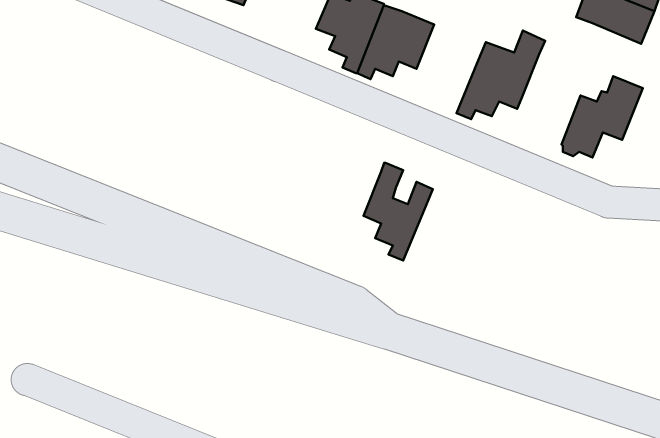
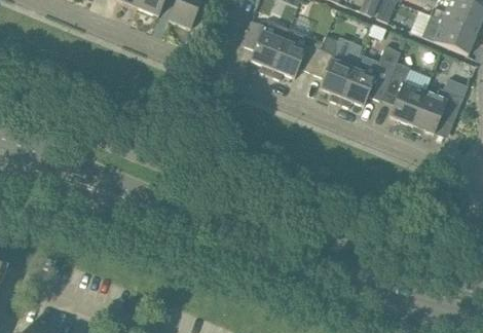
building: none -> [384,61,425,123]
building: [363,163,433,260] -> [311,34,360,102]

